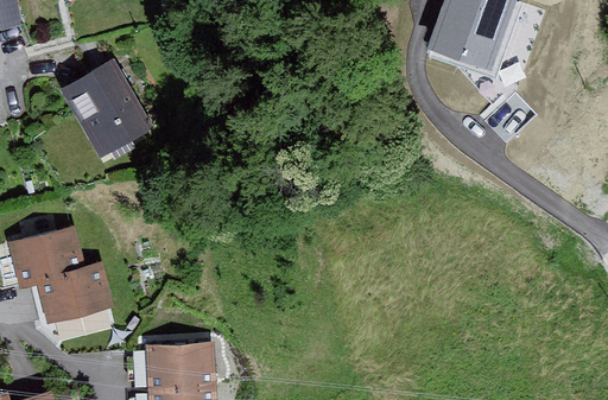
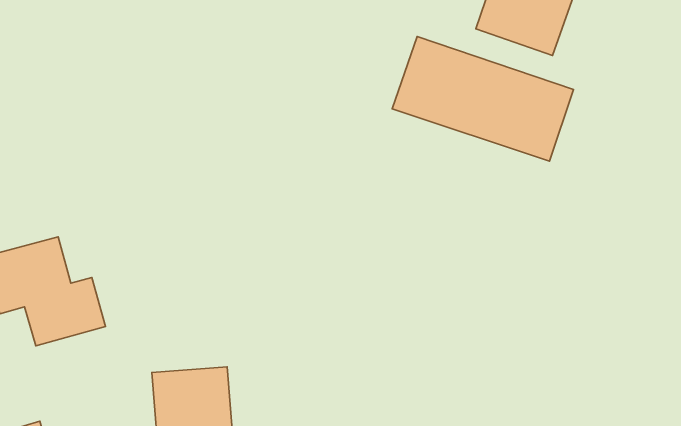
building: none -> [392,36,573,161]
building: [62,63,150,159] -> none

